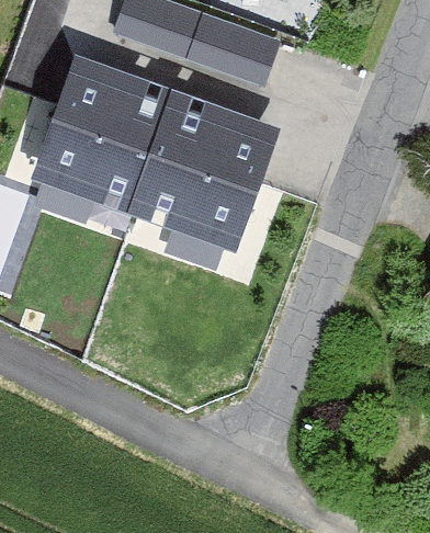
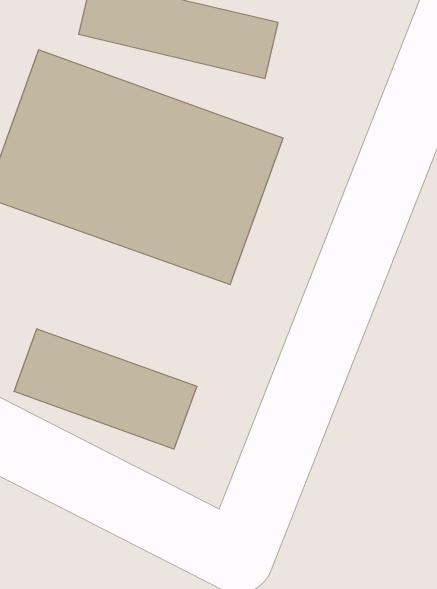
building: none -> [14,329,197,449]

